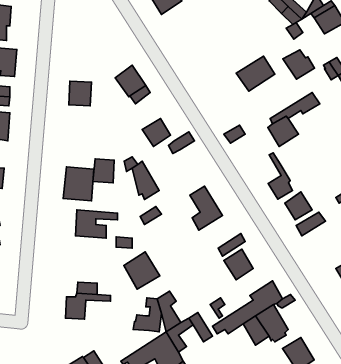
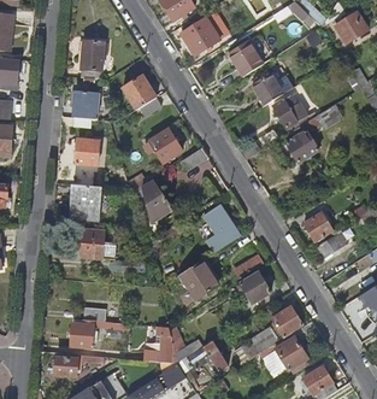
building: none -> [181,18,220,55]
building: none -> [228,40,263,76]
building: none -> [79,42,107,78]
building: [283,50,315,79] -> [272,96,306,128]
building: [268,153,292,199] -> none
building: [93,159,114,183] -> [75,140,98,165]
building: [124,252,160,289] -> [179,259,218,299]
building: none -> [52,353,102,376]

